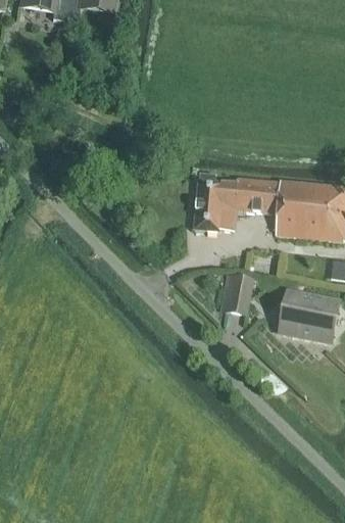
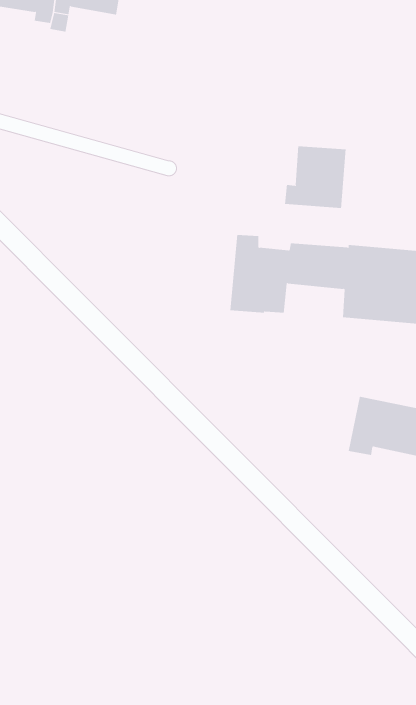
building: none -> [284,146,346,209]
building: [220,275,251,313] -> none

